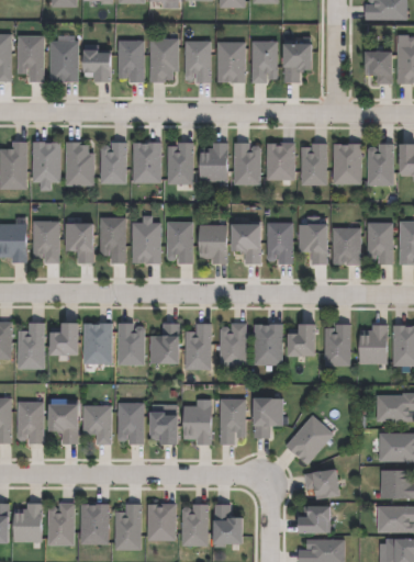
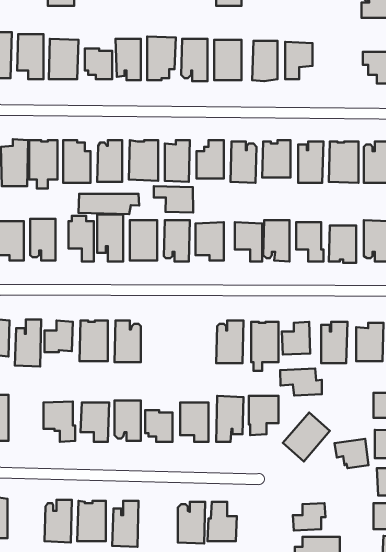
building: none -> [154,186,193,212]
building: none -> [79,194,139,214]
building: [150,323,177,363] -> none
building: [186,323,211,369] -> none
building: none -> [280,368,322,395]
building: [18,403,44,443] -> none
building: [304,470,338,499] -> [335,439,368,468]
building: [12,504,42,541] -> none
building: [147,504,176,541] -> none

